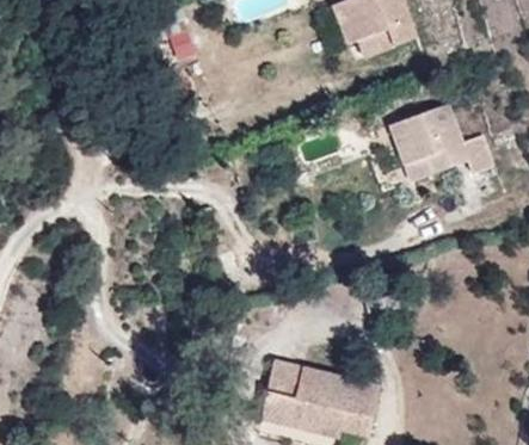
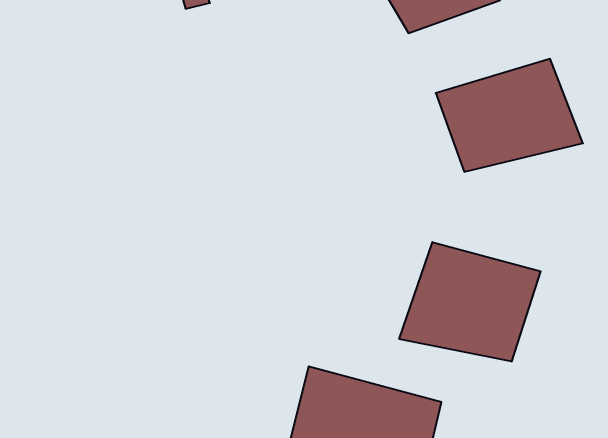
building: none -> [399,242,541,362]

